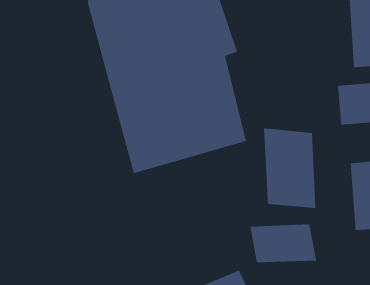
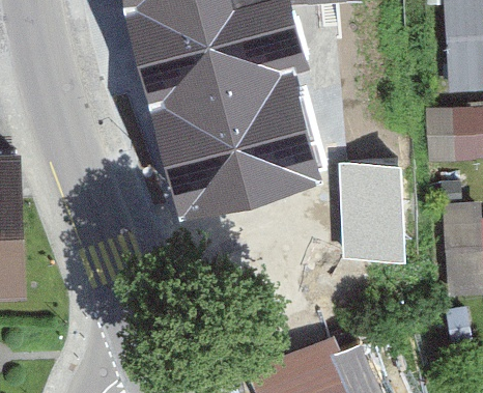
building: [250,223,317,263] -> none

